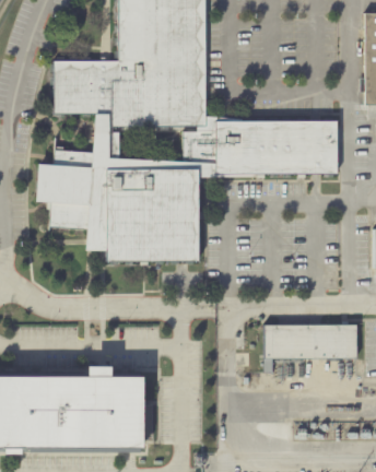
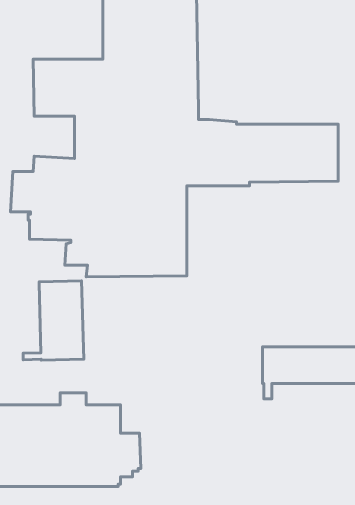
building: none -> [23,281,84,360]

